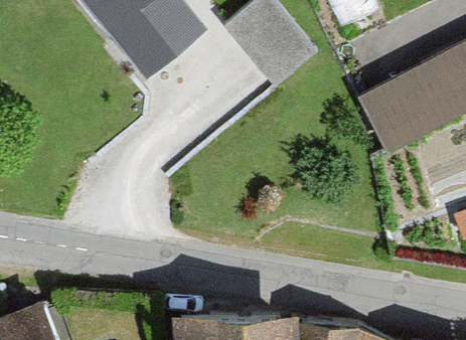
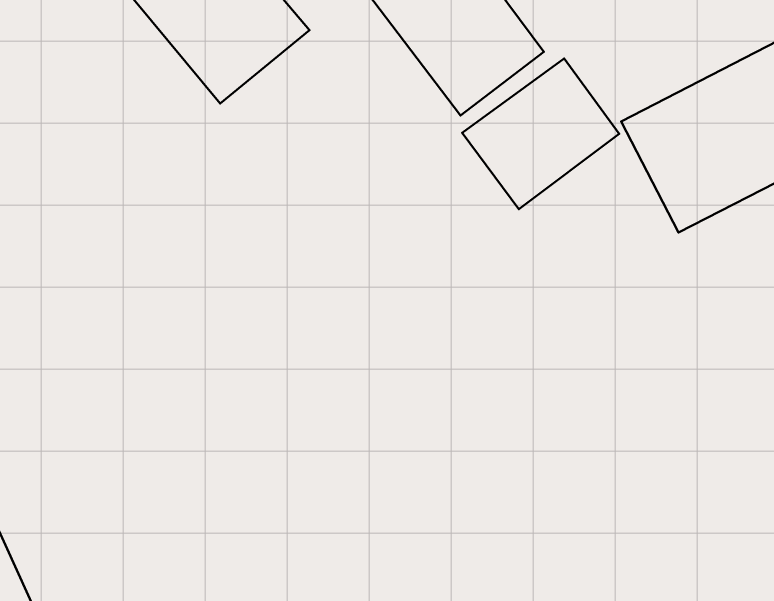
building: none -> [462,58,619,209]

